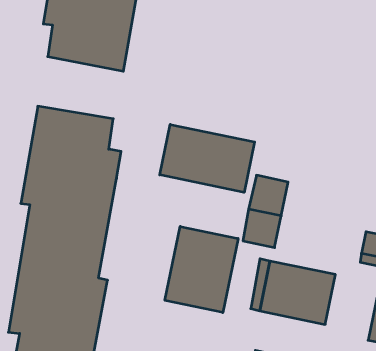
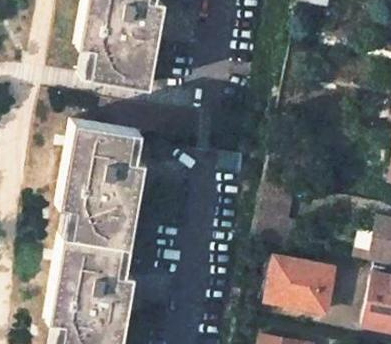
building: [160,124,255,192] -> none
building: [165,226,238,313] -> none

